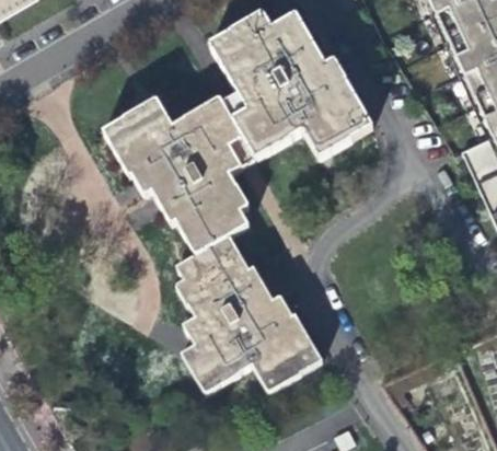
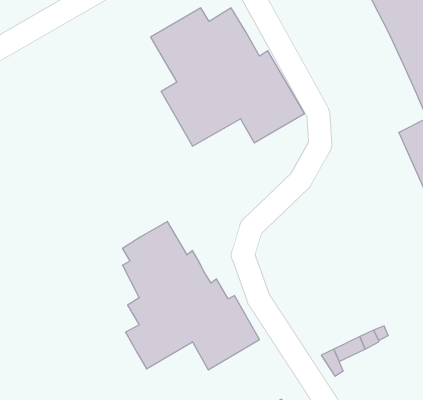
building: [101,97,252,254] -> none

